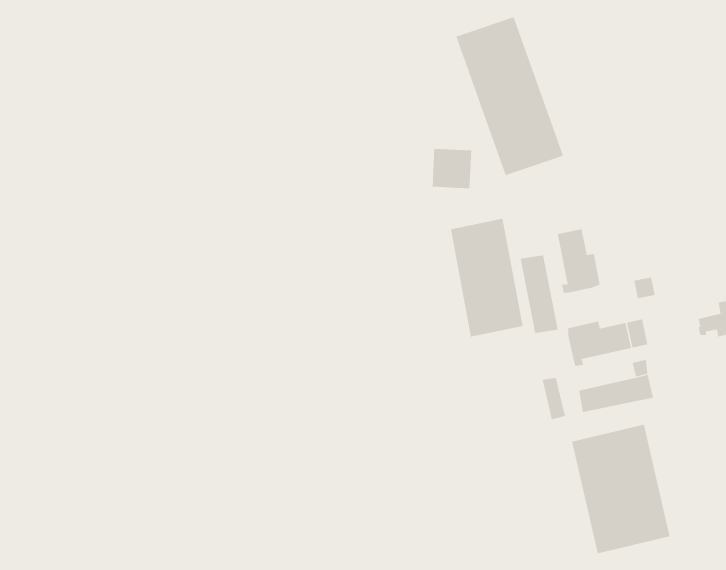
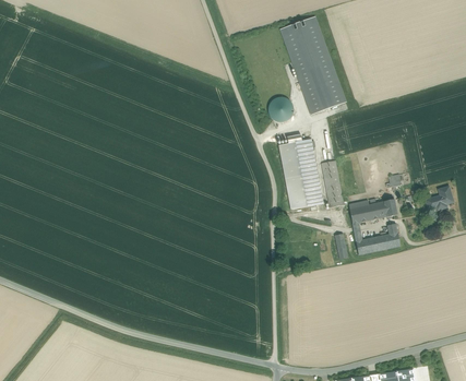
building: [557,228,600,294] -> none
building: [571,424,670,554] -> none

